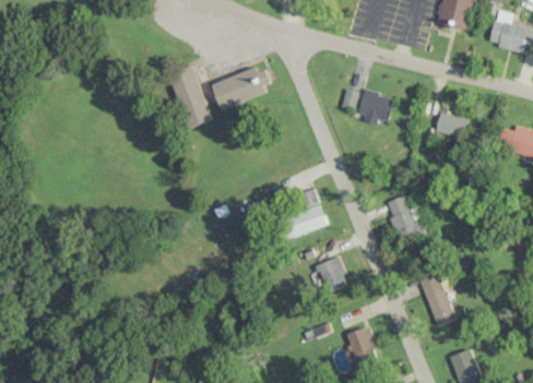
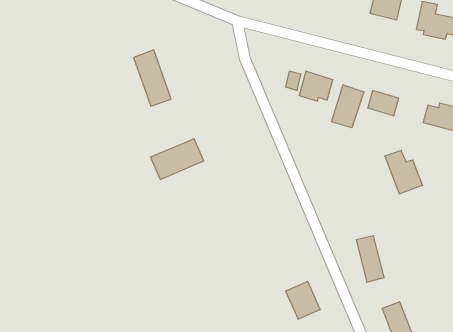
building: [211,63,271,109] -> [151,139,204,179]
building: none -> [332,85,364,128]
building: [384,195,427,244] -> [385,150,423,194]
building: [286,204,328,237] -> none
building: [315,255,348,291] -> none

